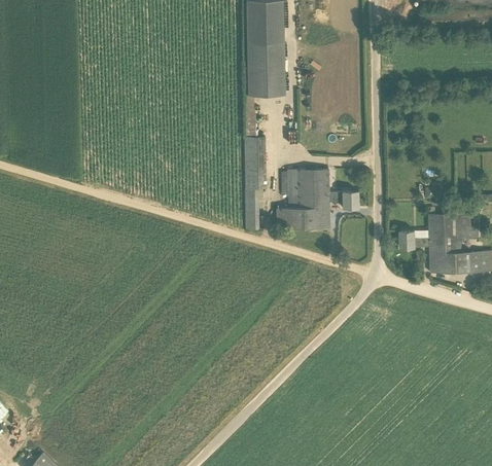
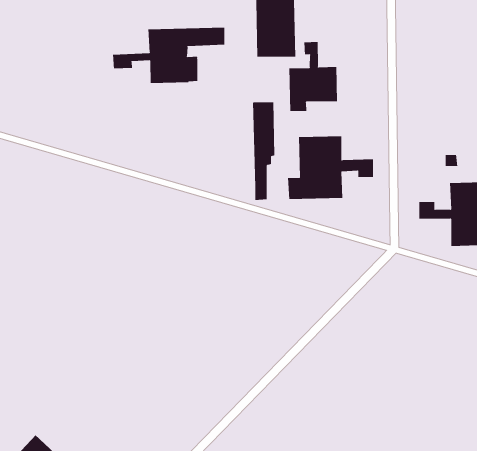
building: none -> [113,27,225,84]
building: none -> [289,41,338,112]

